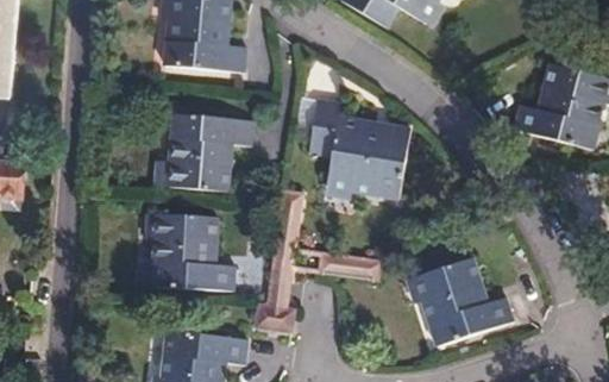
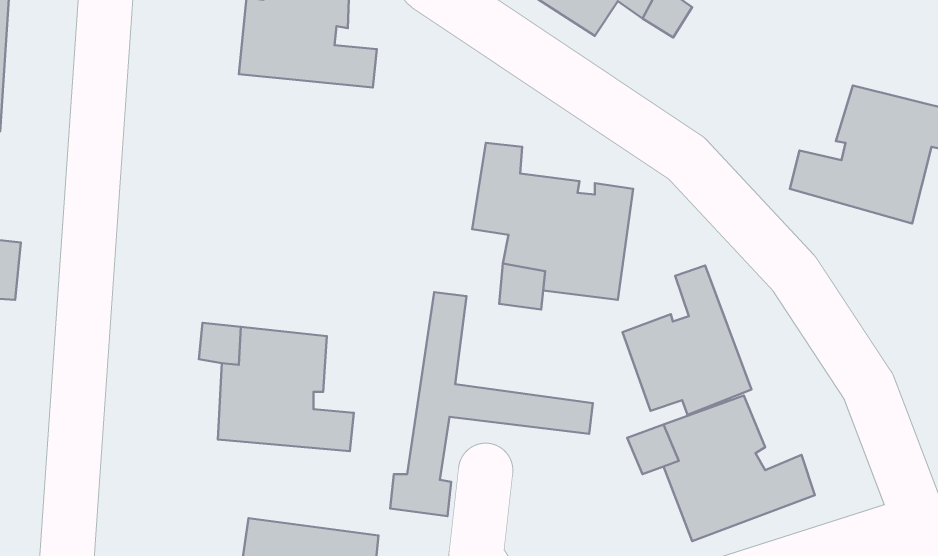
building: [151,112,250,193] -> none
building: none -> [622,266,752,415]

